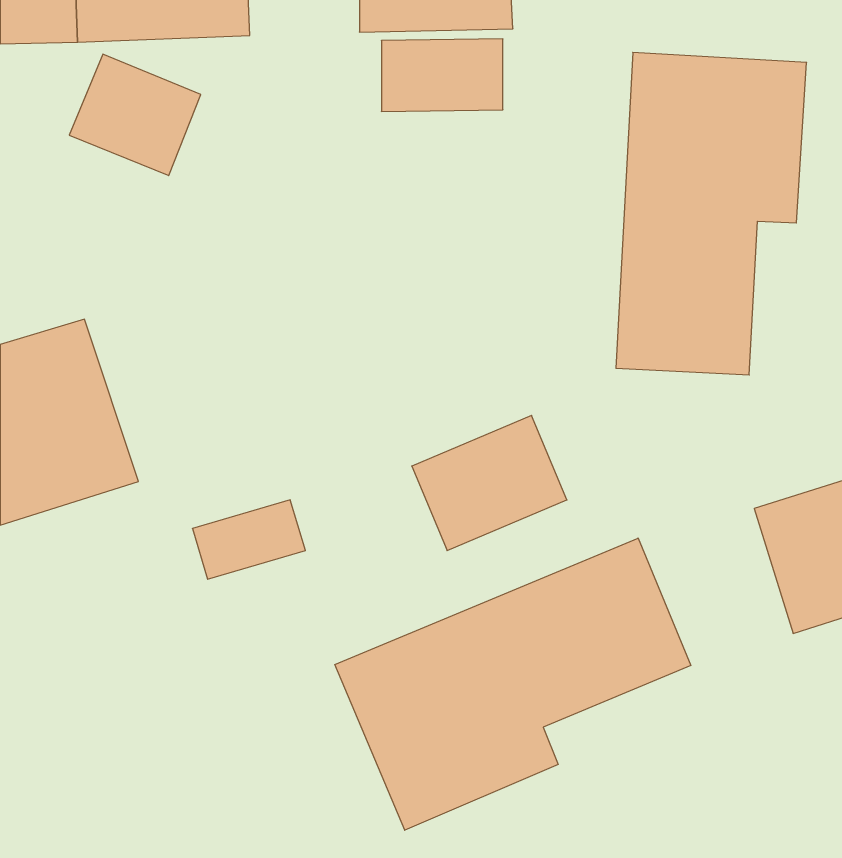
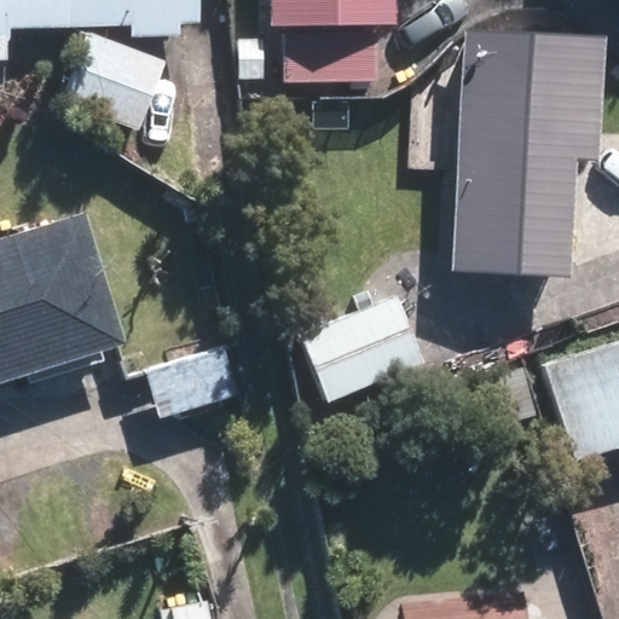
building: [335,538,691,830] -> none

